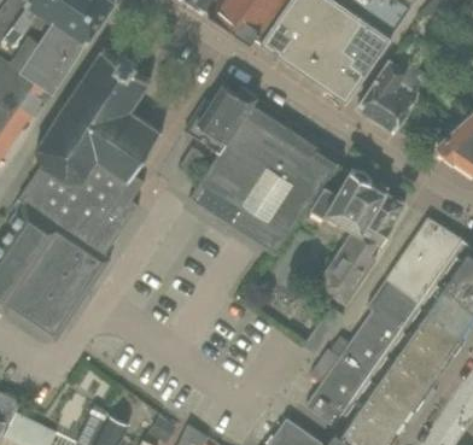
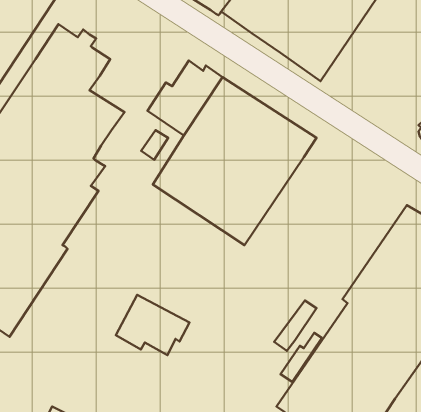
building: [357,60,426,133] -> none
building: [313,170,404,304] -> none
building: none -> [116,295,189,355]

